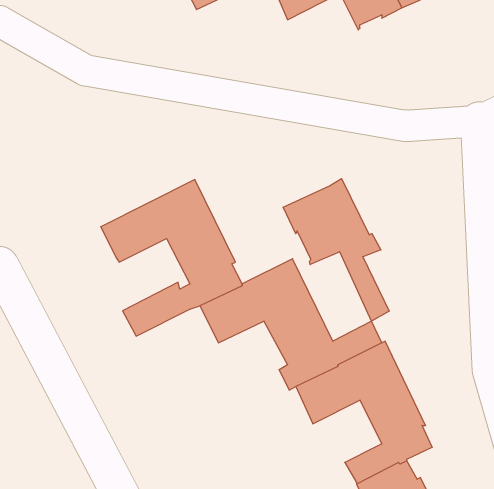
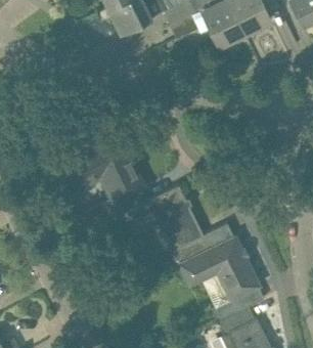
building: [283,179,389,321] -> none

